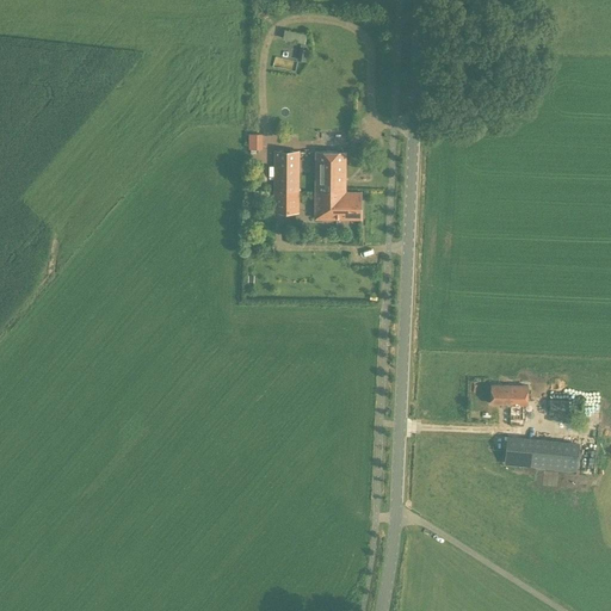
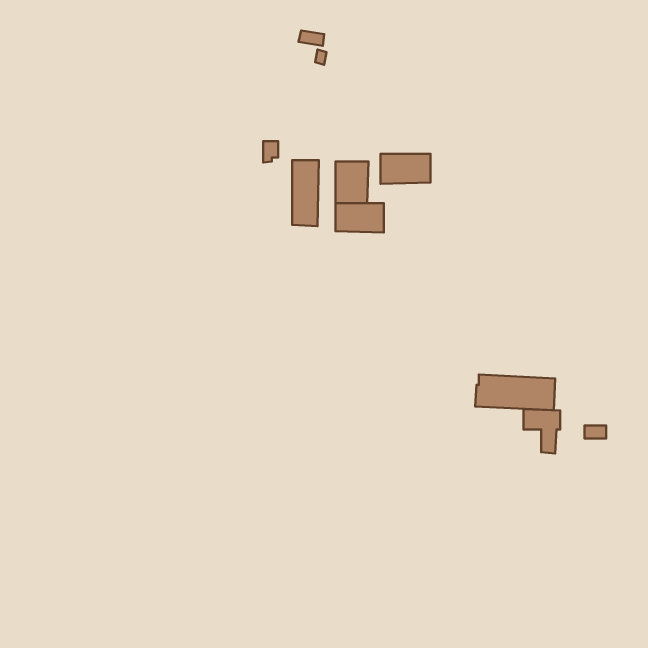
building: none -> [381,154,430,184]
building: [502,437,578,470] -> [475,375,555,410]

